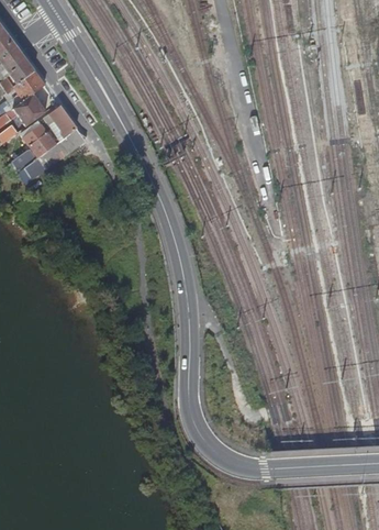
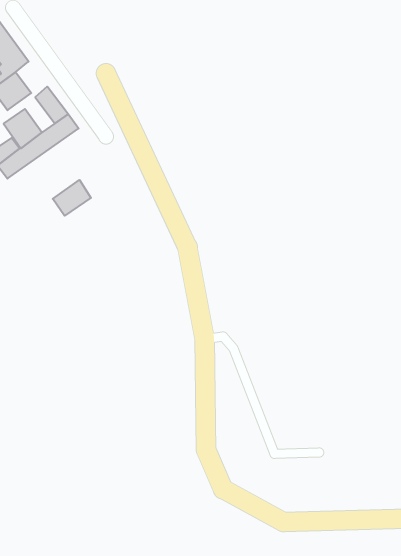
building: none -> [53,180,91,216]

